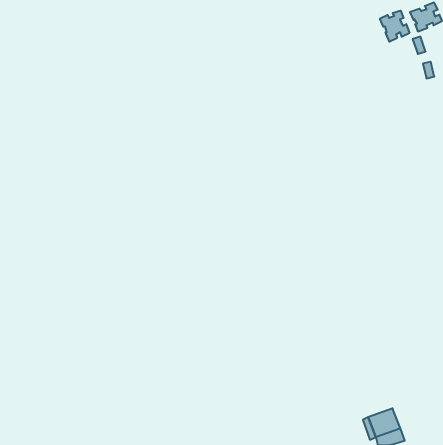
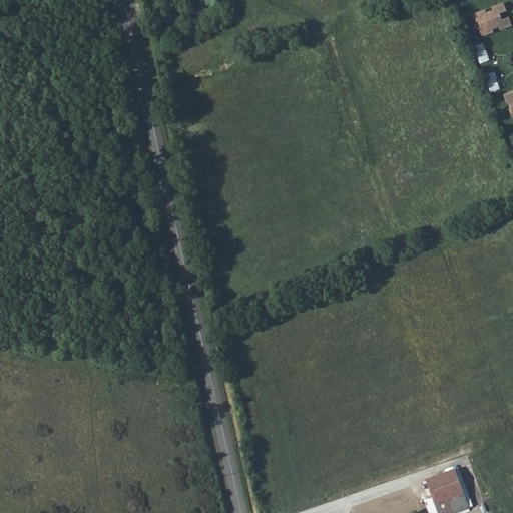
building: [380,11,409,42] -> none

